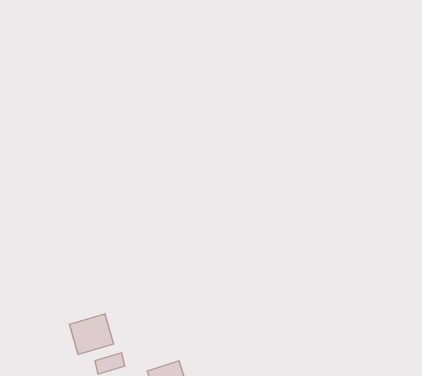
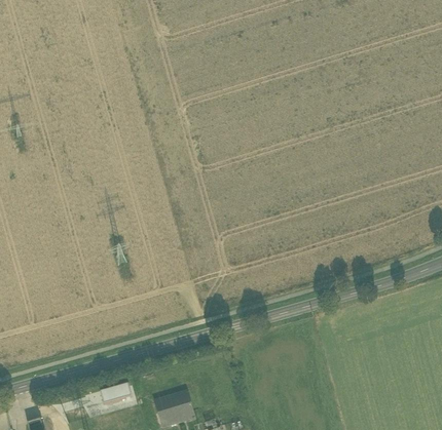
building: [70,314,114,355] -> none

